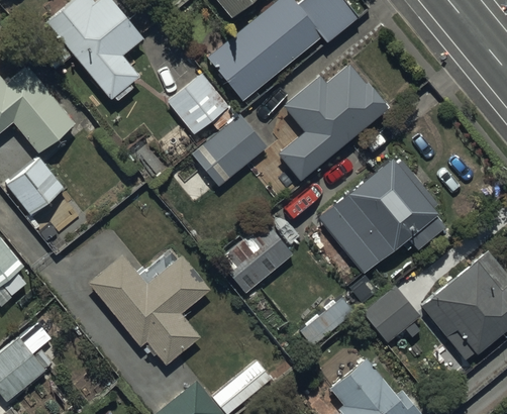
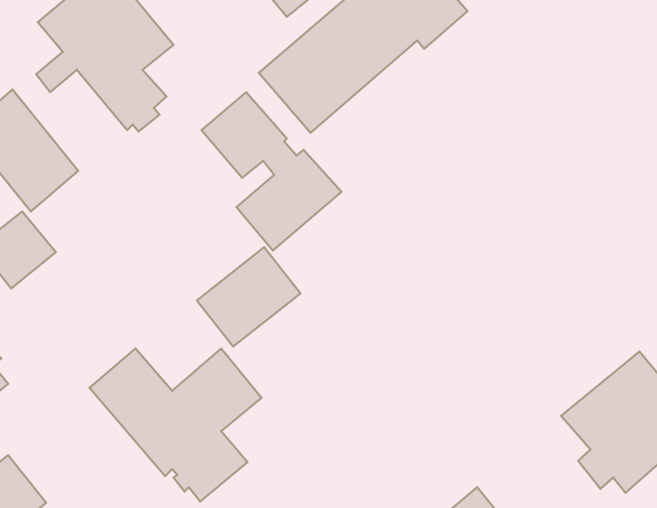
building: [275,65,387,182] -> none
building: [316,153,445,278] -> none
building: [217,220,292,292] -> [197,247,300,347]
building: [361,279,419,336] -> none

